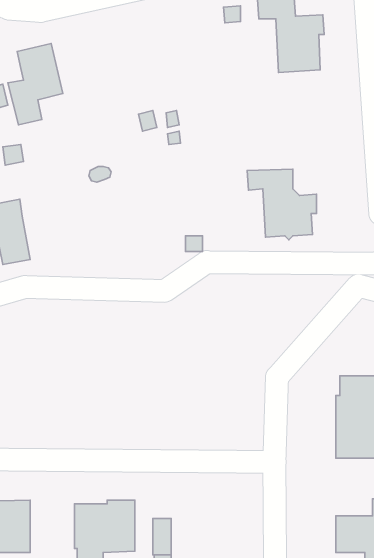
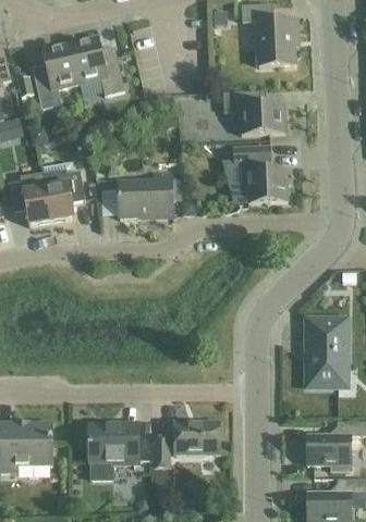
building: none -> [69,36,124,96]
building: none -> [222,91,283,135]
building: none -> [41,163,85,222]
building: none -> [118,171,172,219]
building: none -> [173,421,219,455]

